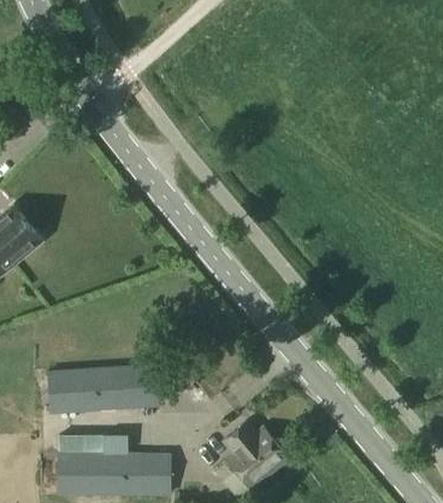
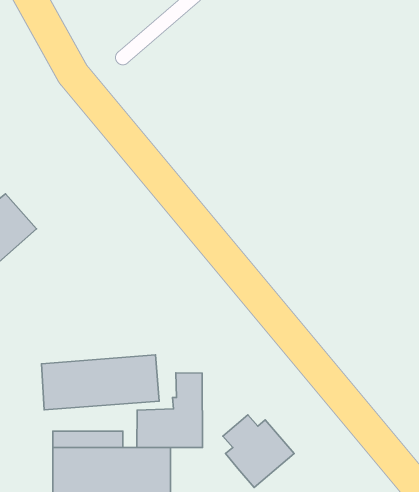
building: none -> [137,373,202,447]

